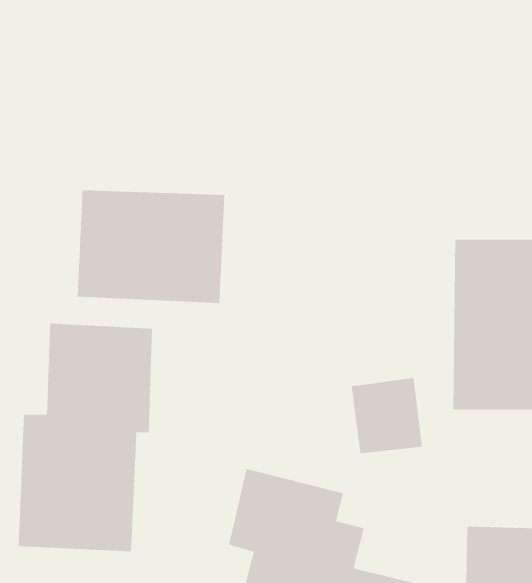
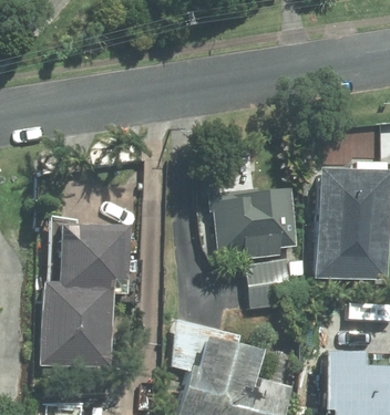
building: [77,189,225,304] -> none
building: none -> [214,187,300,258]

